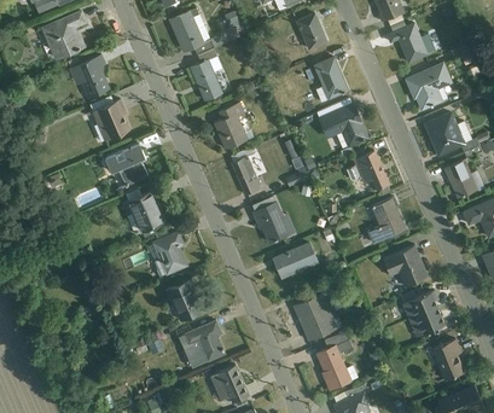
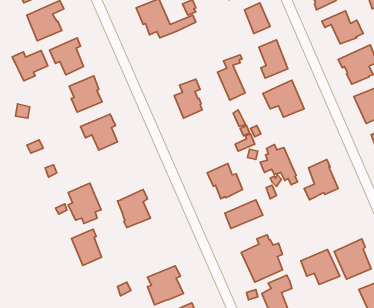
building: [190,47,222,100] -> [217,55,245,100]
building: none -> [12,50,48,81]
building: [345,147,389,194] -> [260,145,297,185]
building: [231,156,261,194] -> none
building: [126,191,164,238] -> [68,183,101,223]
building: [382,245,428,286] -> [301,249,340,285]
building: [165,279,200,321] -> [71,229,101,265]

